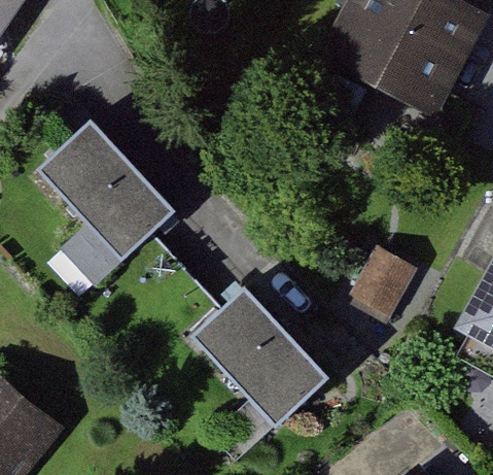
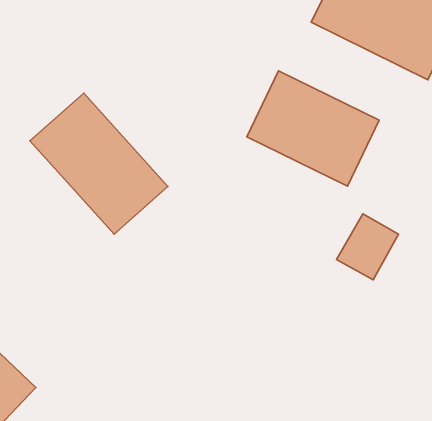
building: none -> [247,71,379,186]
building: [193,289,333,430] -> none

